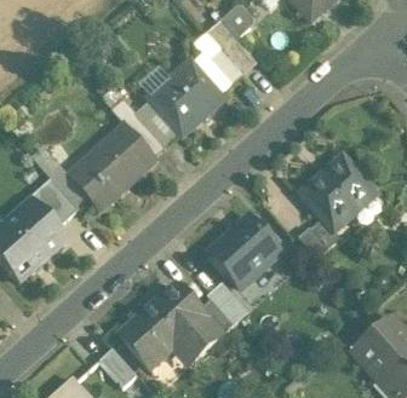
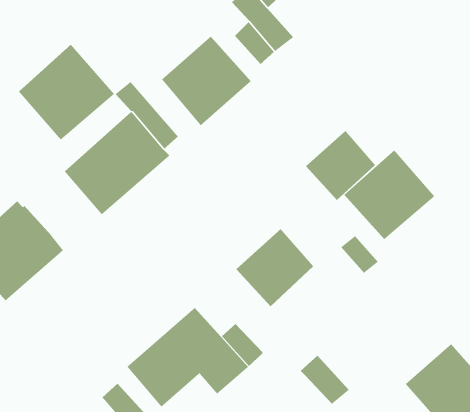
building: none -> [18,44,115,140]
building: none -> [305,130,376,201]
building: [28,178,78,226] -> none
building: [206,282,247,323] -> [300,355,349,404]

